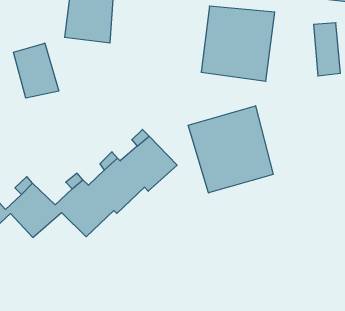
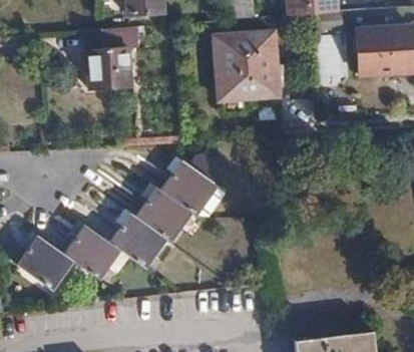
building: [14,43,59,98] -> none
building: [188,106,273,193] -> none

